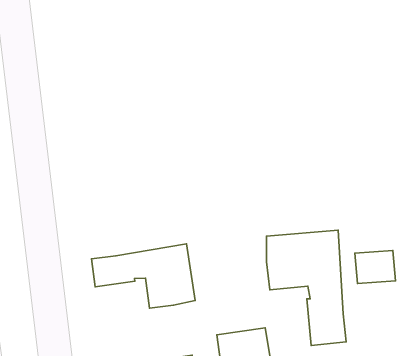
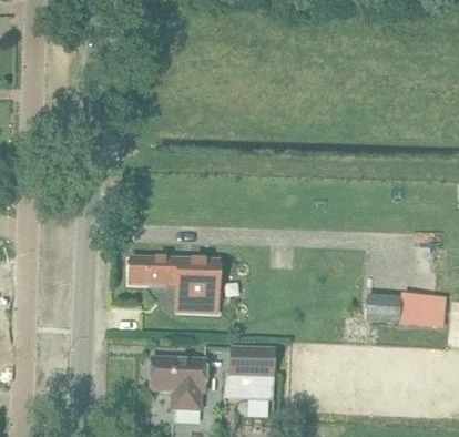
building: [266,230,346,346] -> none

